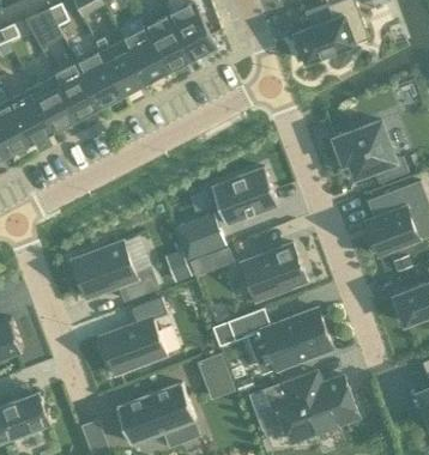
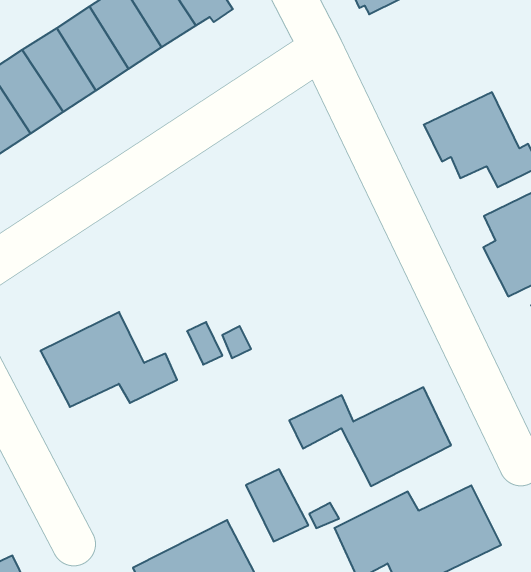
building: [211,169,278,226] -> none
building: [175,214,225,261] -> none
building: [240,245,307,303] -> none
building: [99,299,165,376] -> none

